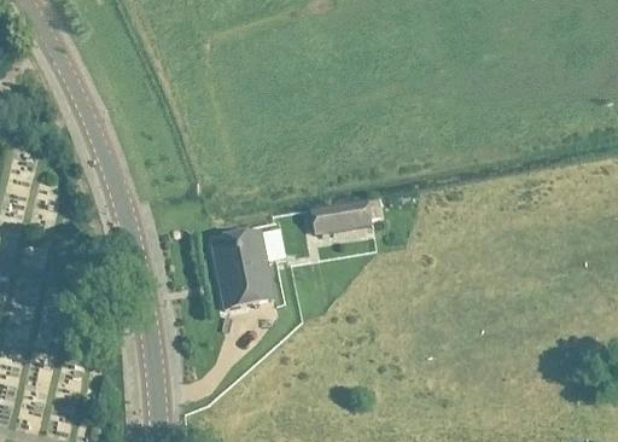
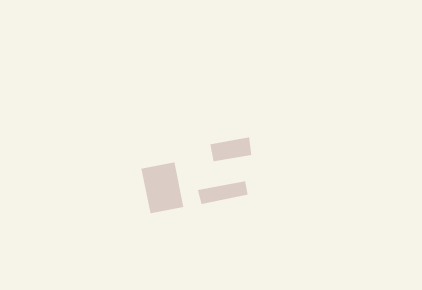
building: none -> [197,180,248,205]

